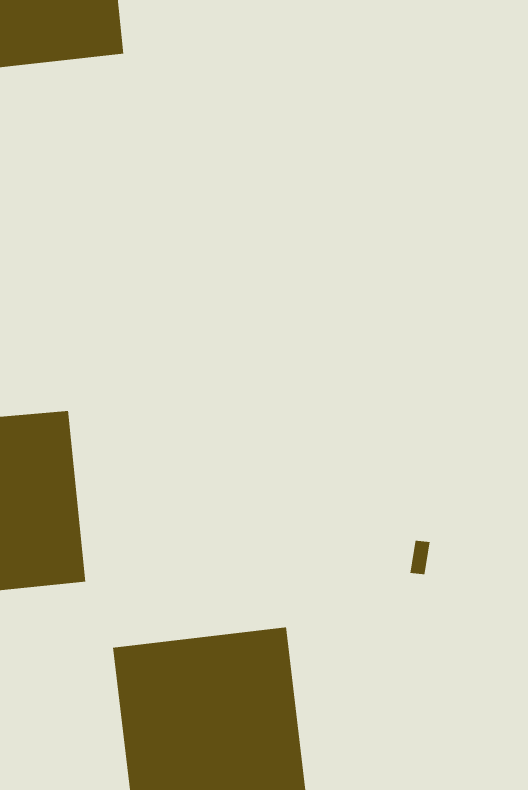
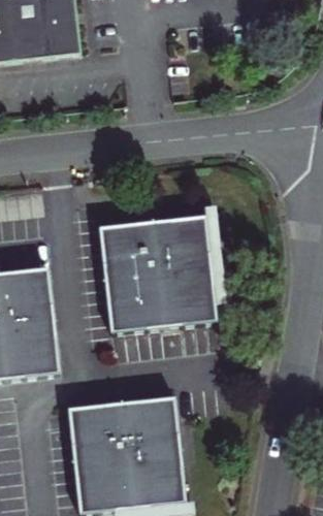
building: none -> [105,214,220,328]

